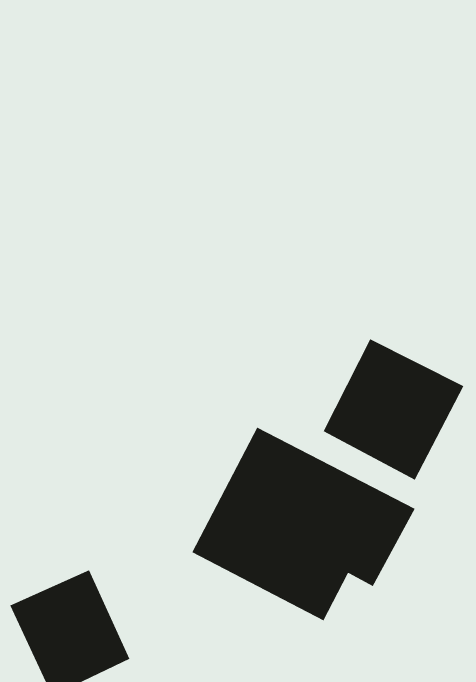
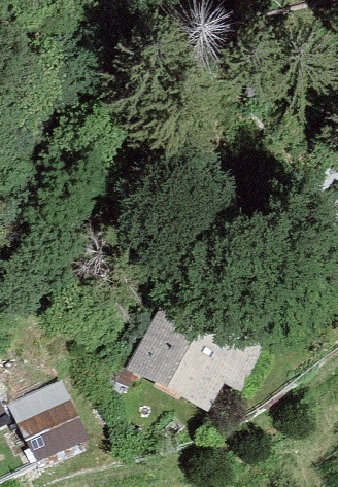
building: [323,338,464,481] -> none

